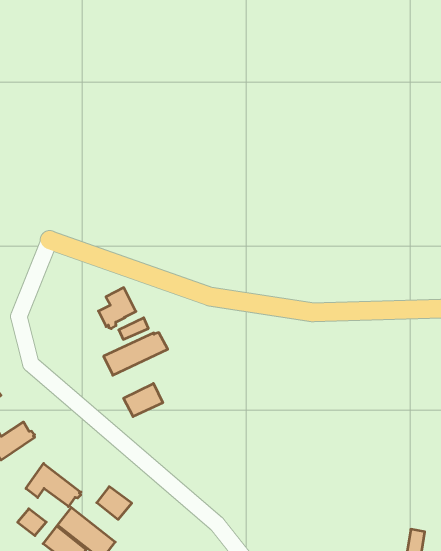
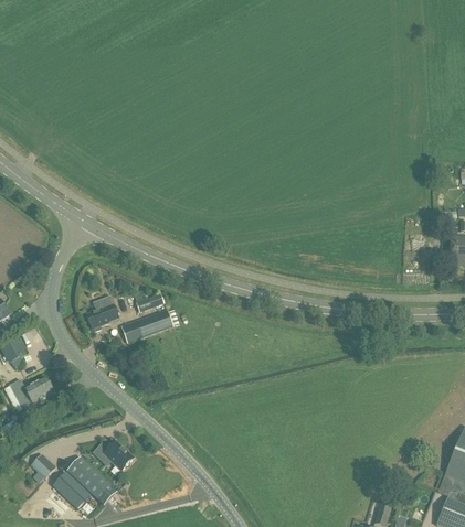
building: [98,288,136,329] -> [85,294,118,330]
building: [124,383,163,417] -> none
building: [26,463,81,507] -> none

